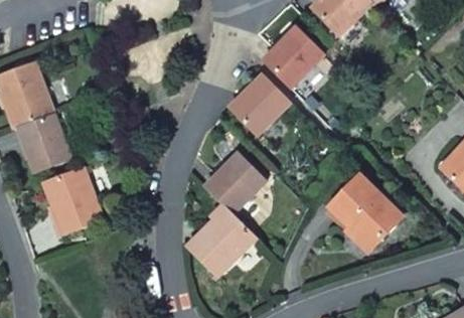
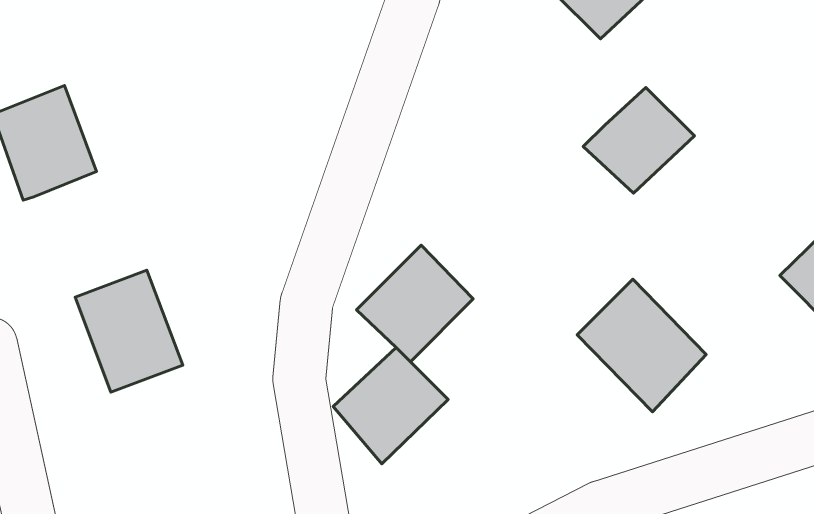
building: [260,25,322,85] -> [583,87,694,193]
building: [227,66,289,135] -> none
building: [20,111,73,171] -> none

